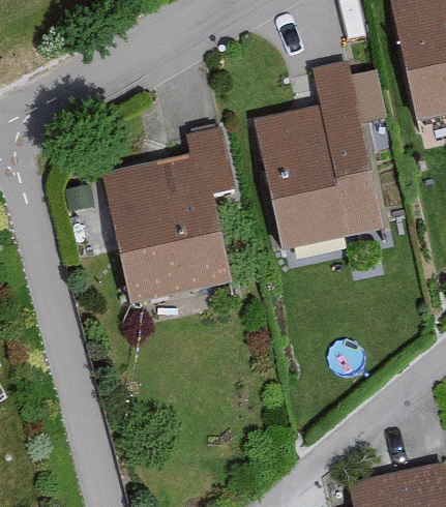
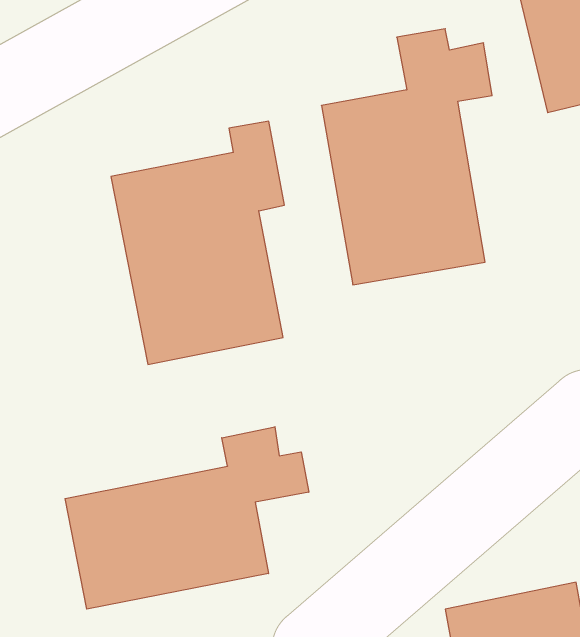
building: none -> [65,427,309,609]

